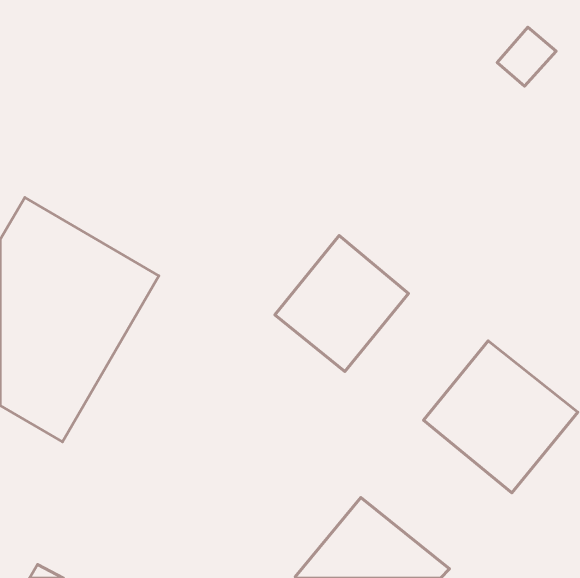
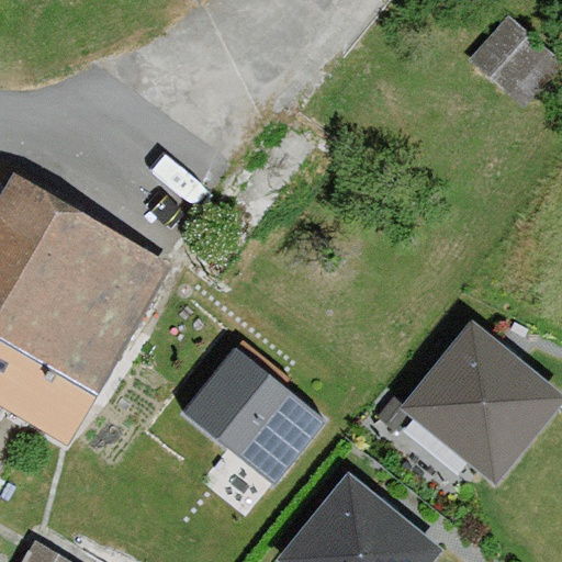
building: [275,236,408,372] -> none
building: none -> [183,348,324,483]

